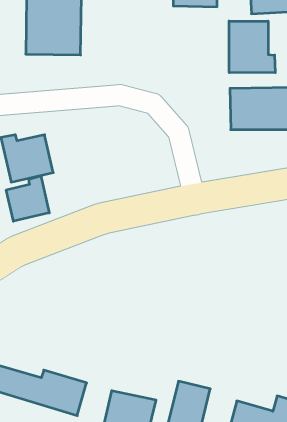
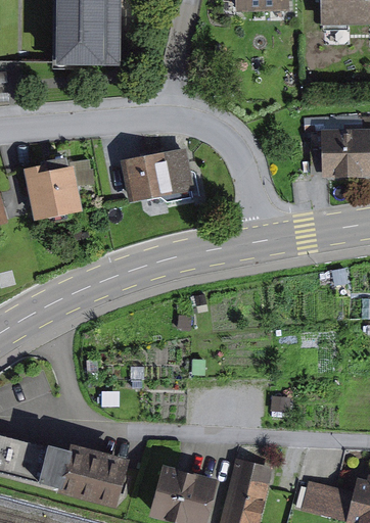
building: [229,21,275,73] -> none
building: none -> [122,146,198,207]
building: [6,176,49,221] -> none

